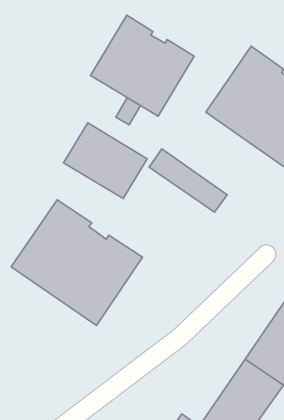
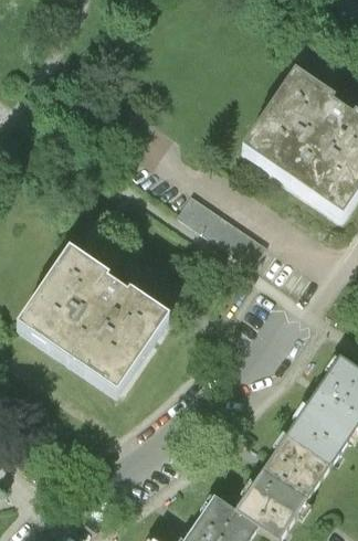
building: [90,15,194,116] -> none
building: [63,123,147,199] -> none

